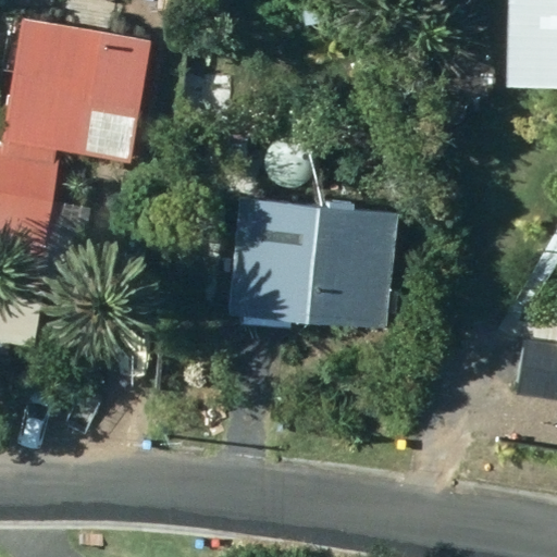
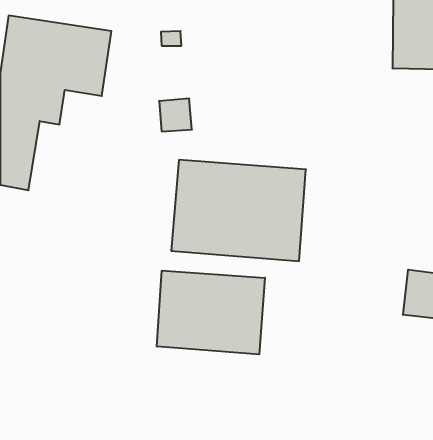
building: none -> [157,271,265,354]

